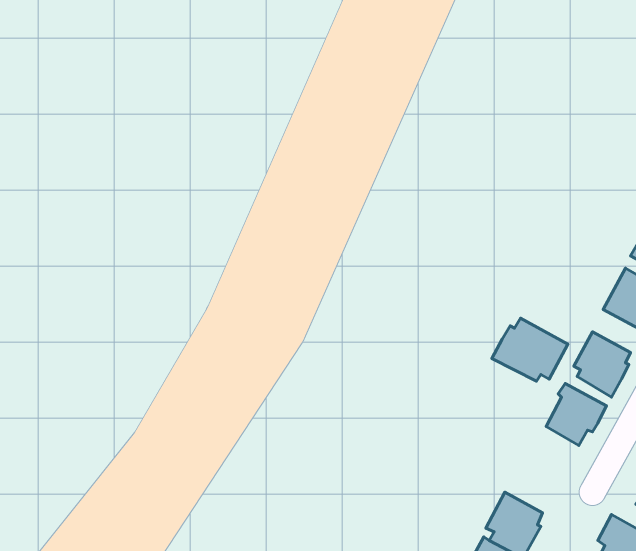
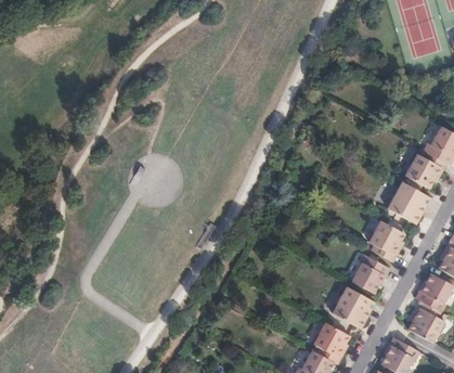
building: [492,318,568,381] -> none
building: none -> [330,286,374,329]

